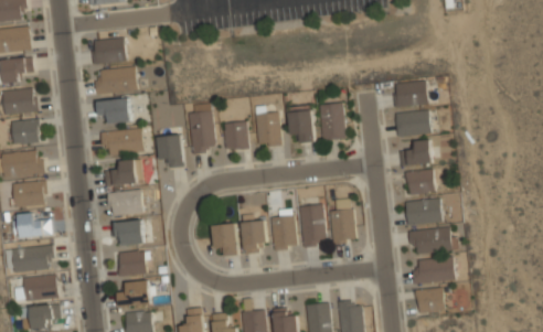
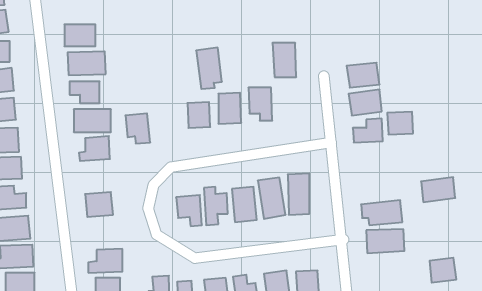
building: [319,104,344,140] -> [272,43,296,77]
building: [188,110,215,154] -> [196,48,222,89]
building: [406,170,434,194] -> [387,112,413,134]
building: [106,188,142,216] -> none
building: [405,199,441,225] -> [421,177,455,202]
building: [117,249,146,275] -> none
building: [416,287,445,313] -> [430,258,456,283]

